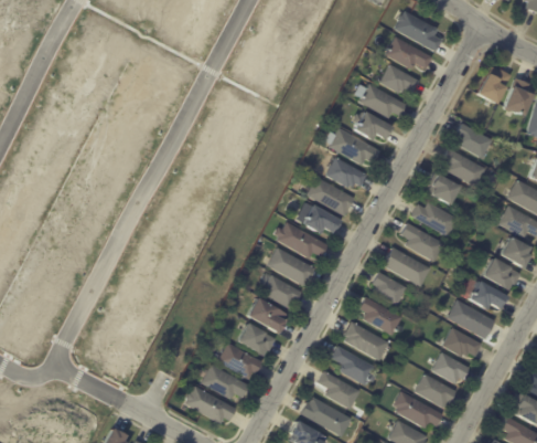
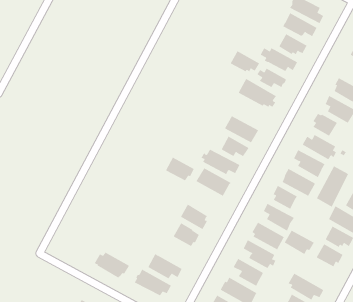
building: [326,157,367,187] -> [230,50,260,72]
building: none -> [316,166,349,207]
building: [262,275,302,308] -> [165,157,194,181]
building: [214,344,262,380] -> [94,252,129,279]
building: [415,373,457,408] -> [284,230,315,255]

